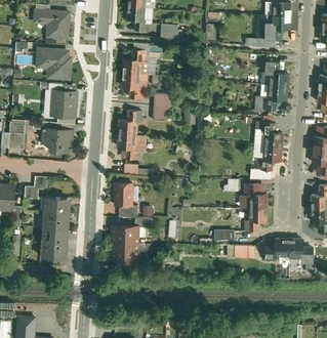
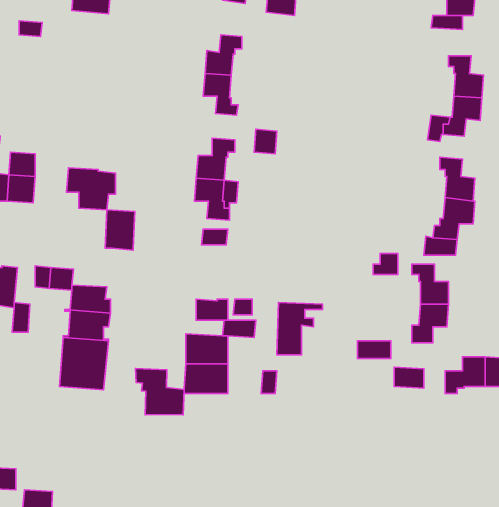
building: [38,50,70,79] -> none
building: [52,91,78,119] -> none
building: [115,183,132,207] -> [105,210,135,250]
building: none -> [136,369,184,415]

